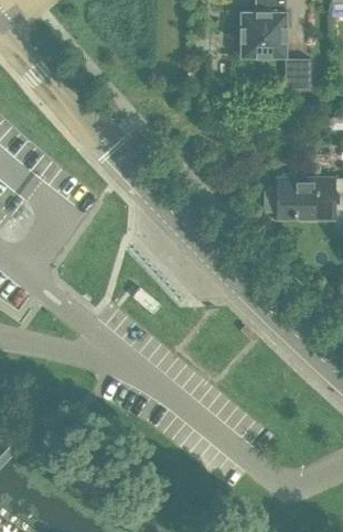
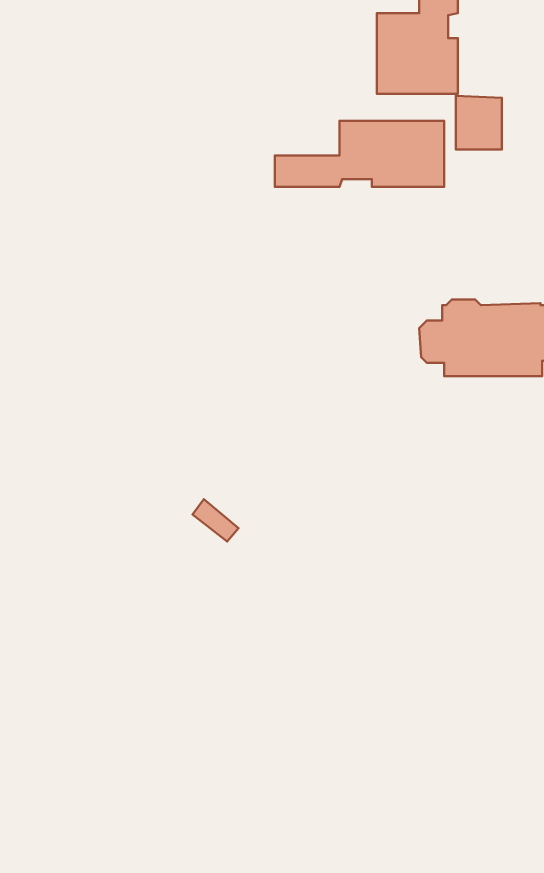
building: none -> [275,121,444,187]

